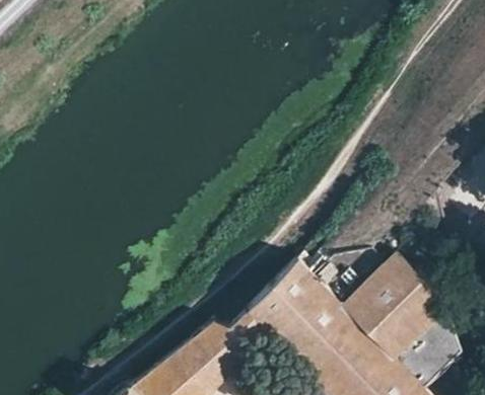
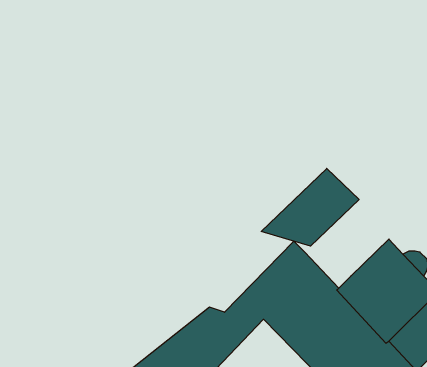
building: none -> [261,168,359,246]

